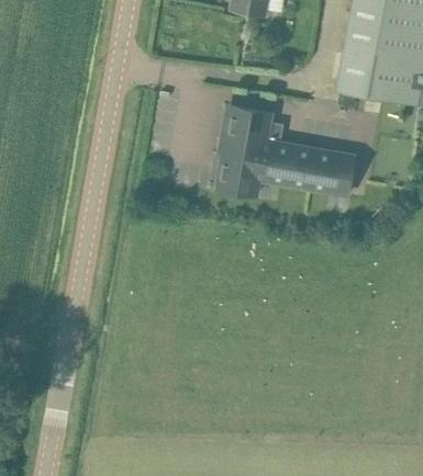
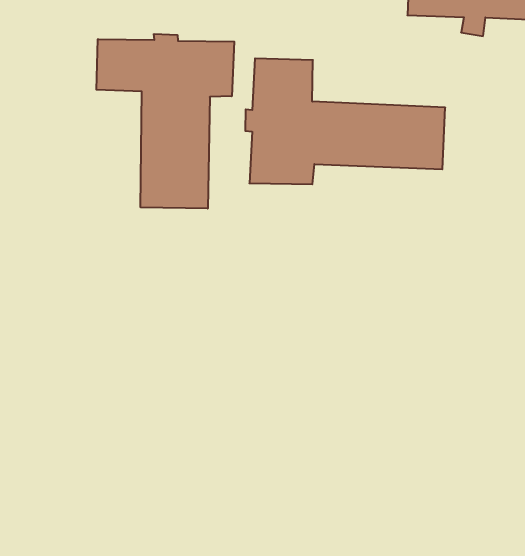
building: none -> [96,34,234,209]

